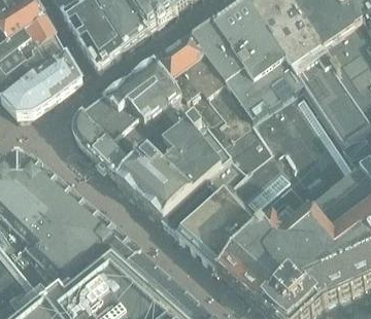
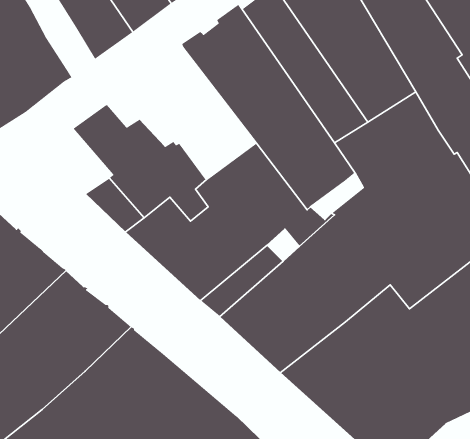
building: [104,56,201,141] -> none
building: [74,108,108,150] -> none

